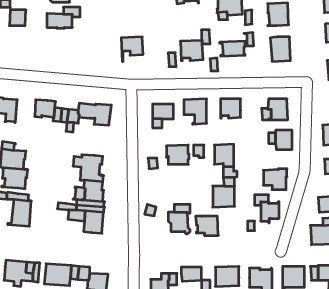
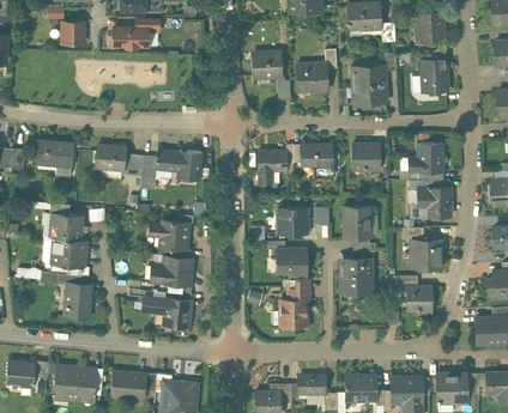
building: [121,37,143,61] -> [252,51,282,85]
building: none -> [351,84,386,104]
building: [196,216,218,235] -> [276,249,307,275]

